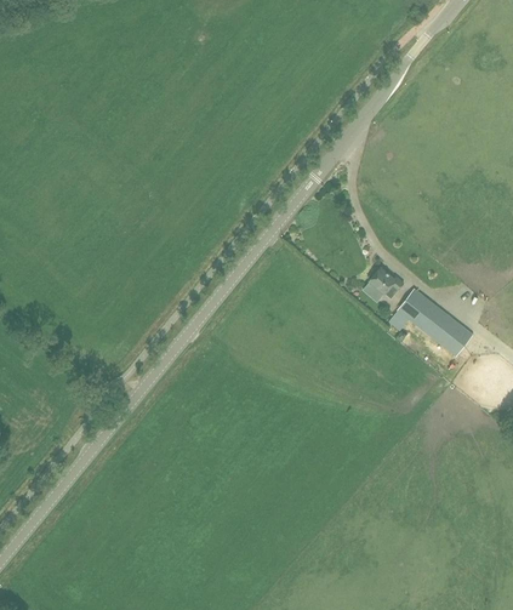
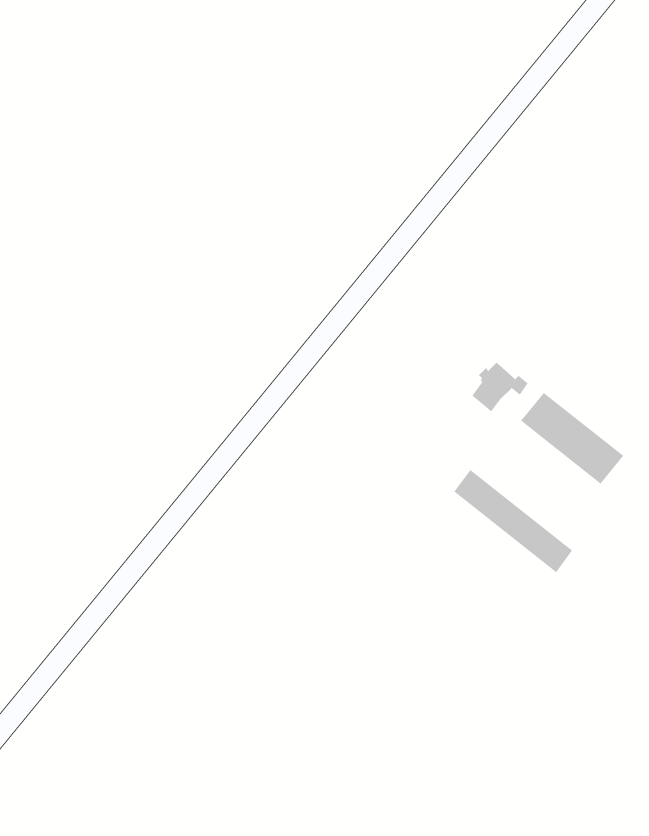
building: none -> [454,469,573,573]

